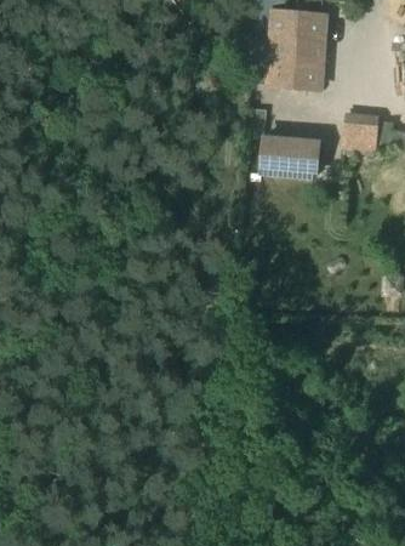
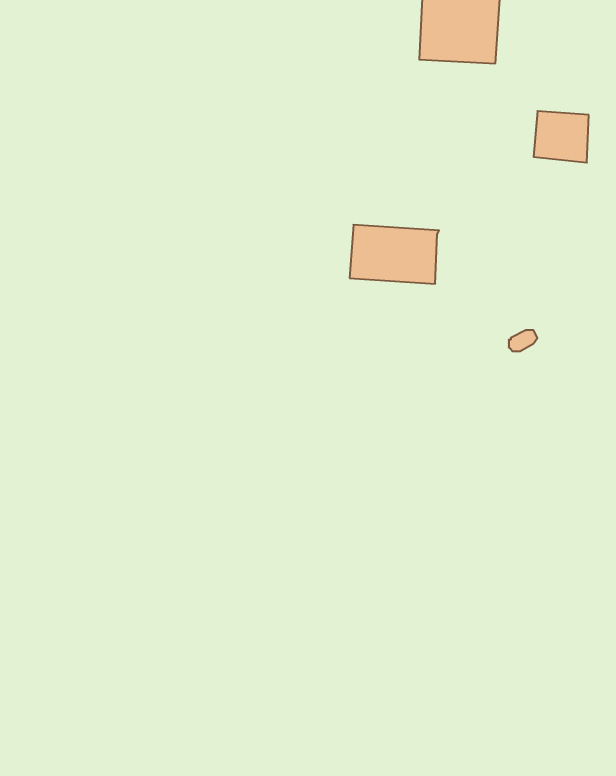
building: [264,140,321,177] -> [350,225,439,284]

